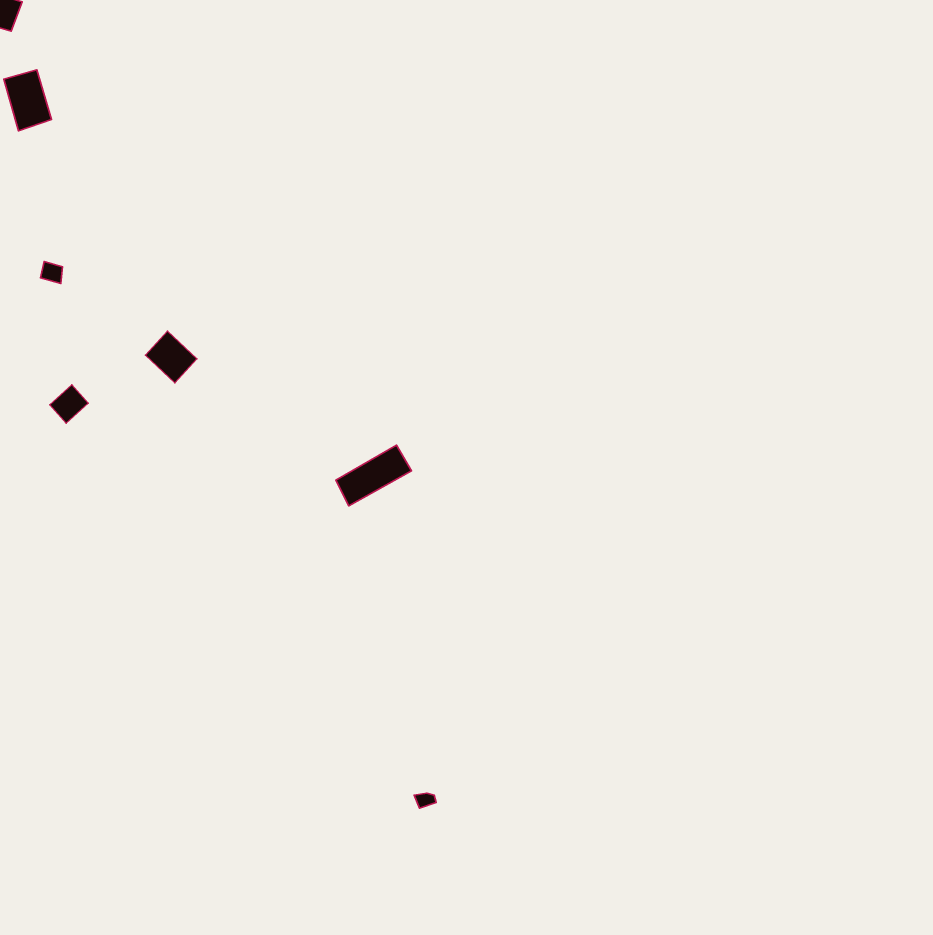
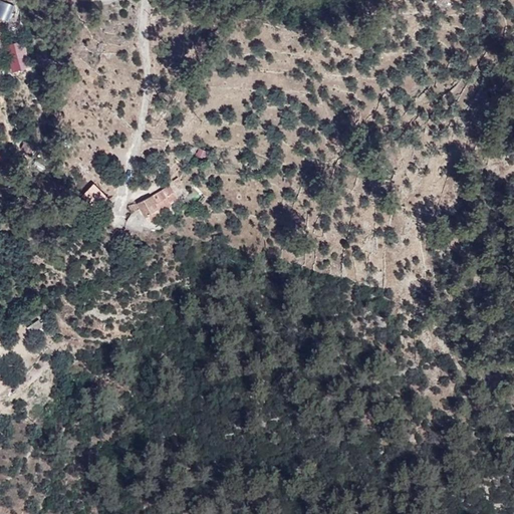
building: [336,445,411,506] -> [136,186,177,219]

